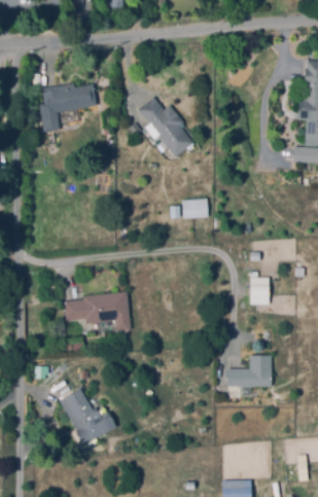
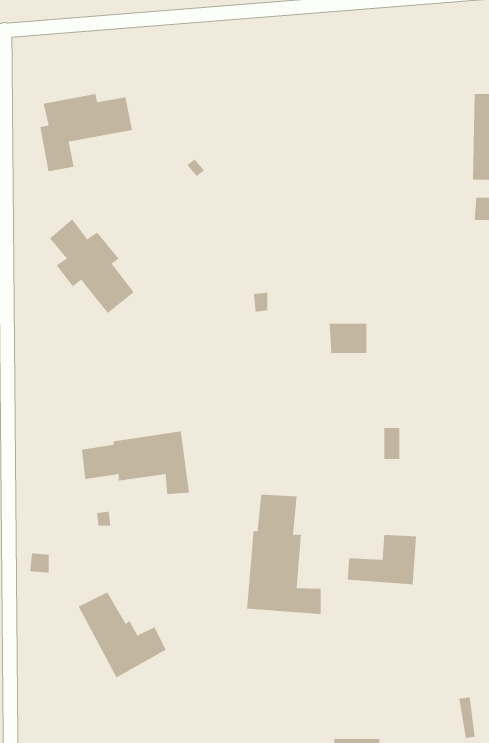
building: [139,98,191,156] -> [49,219,134,314]
building: [181,200,205,218] -> [329,323,367,353]
building: none -> [246,494,321,615]

